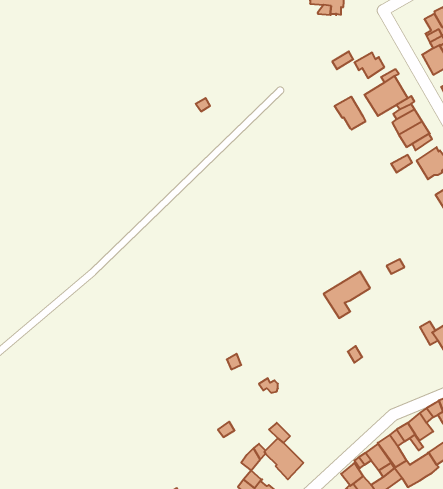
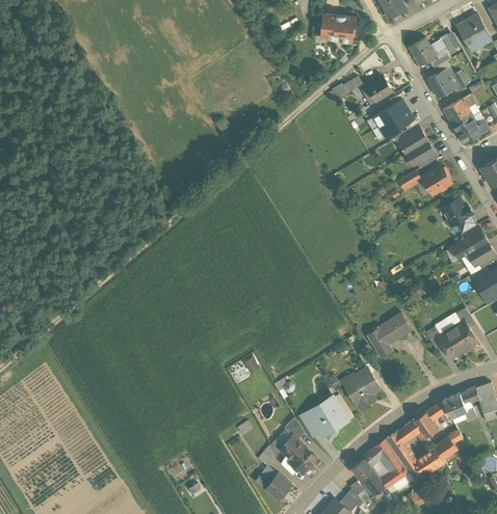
building: none -> [409,36,436,64]
building: [335,97,365,130] -> none
building: [324,271,370,318] -> [367,314,411,357]
building: none -> [341,367,381,408]
building: none -> [300,397,348,436]

